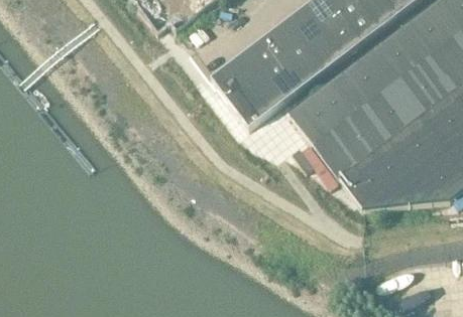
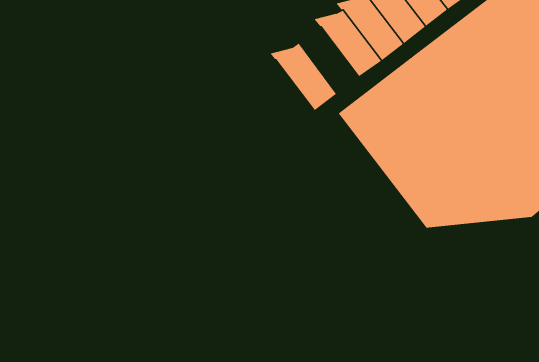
building: [250,39,306,95] -> none
building: [210,66,269,125] -> none

